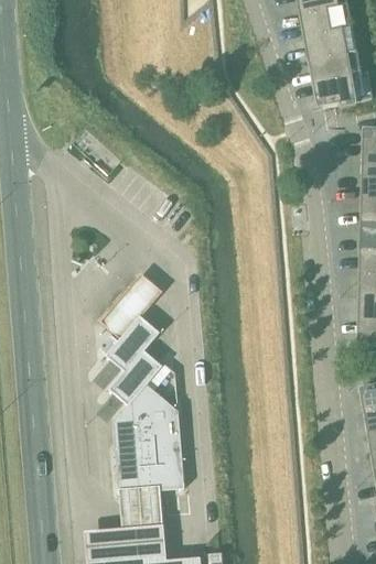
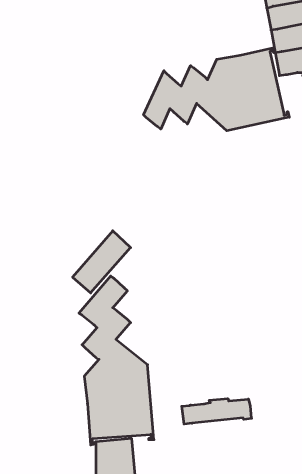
building: none -> [144,48,289,131]
building: none -> [182,399,252,424]

